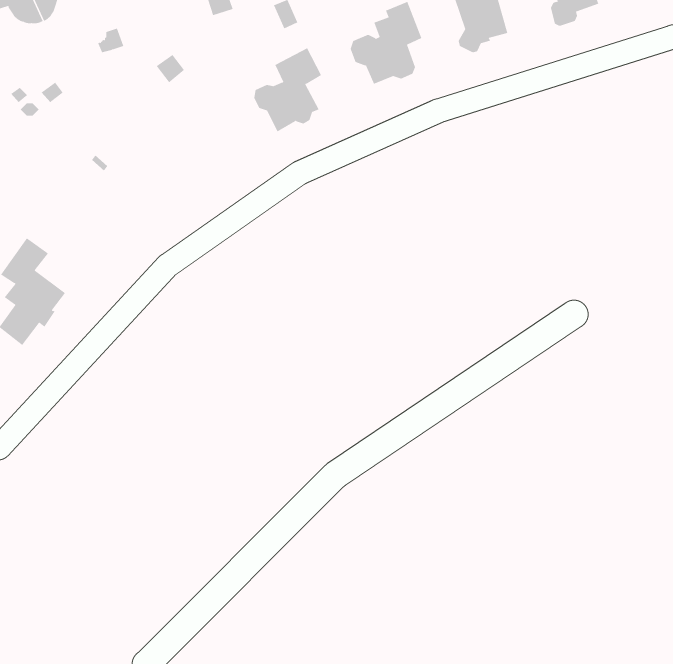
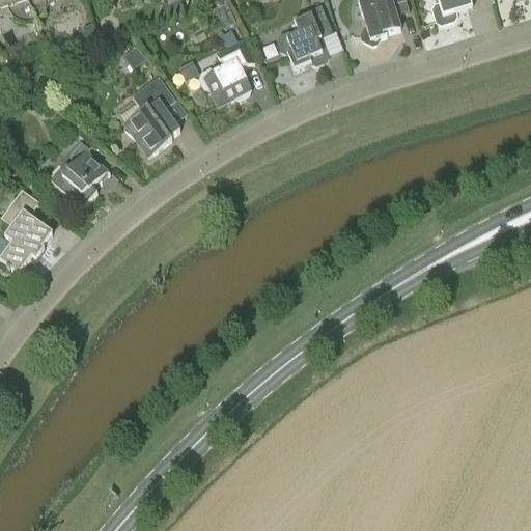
building: none -> [123,74,179,153]
building: none -> [50,137,109,207]

